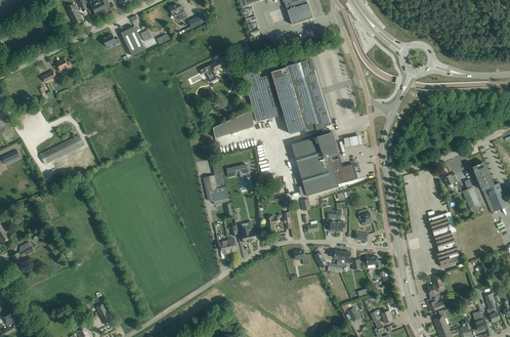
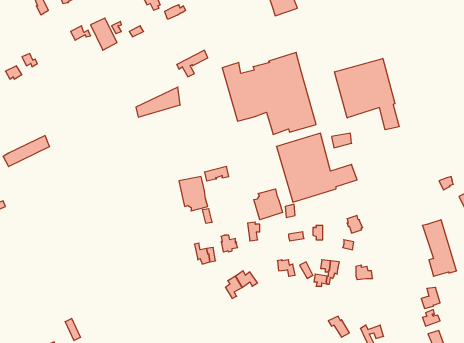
building: none -> [335,58,399,130]
building: [213,110,254,137] -> [136,87,180,117]
building: none -> [254,189,283,220]

